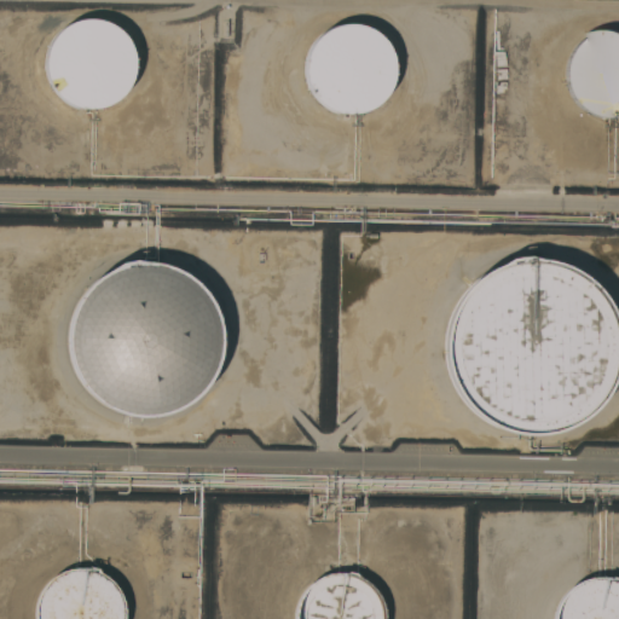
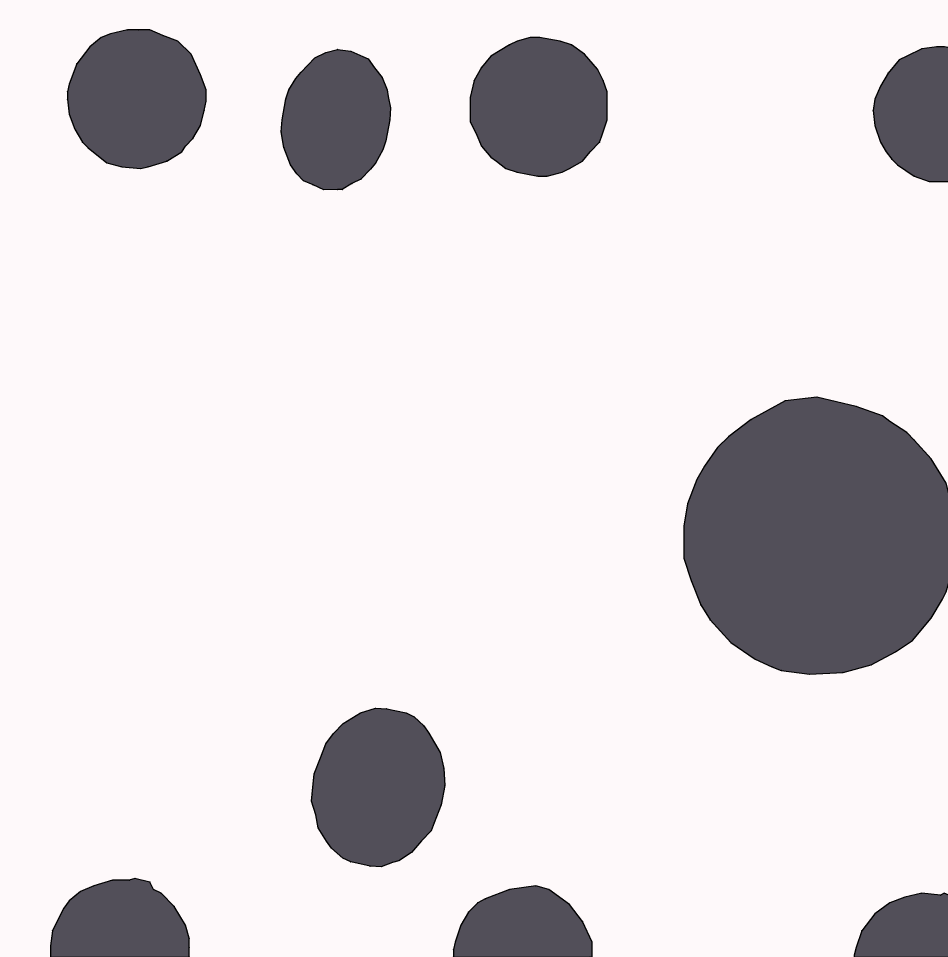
building: none -> [281,49,391,190]
building: [70,260,225,417] -> none
building: none -> [311,708,445,867]

